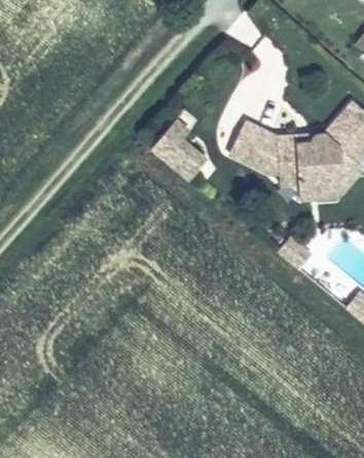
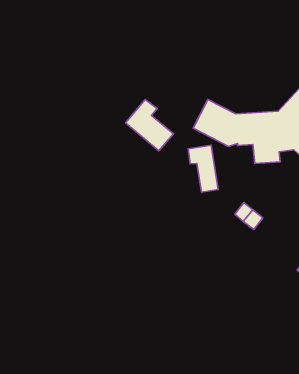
building: none -> [188,145,218,192]

